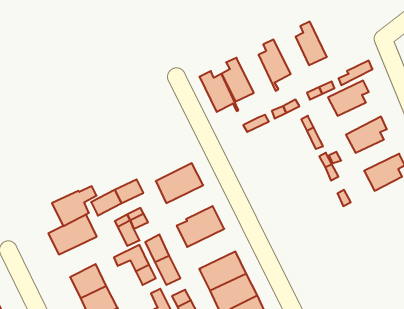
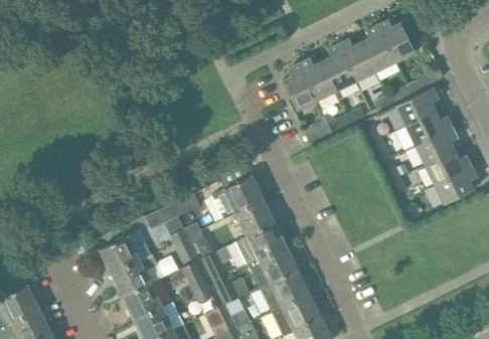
building: none -> [376,19,417,63]
building: none -> [338,39,375,81]
building: [199,71,238,112] -> [299,58,340,102]
building: none -> [405,112,452,146]
building: none -> [425,151,471,184]
building: none -> [234,199,274,235]
building: [52,186,97,226] -> [111,255,158,297]
building: none -> [247,245,298,288]

